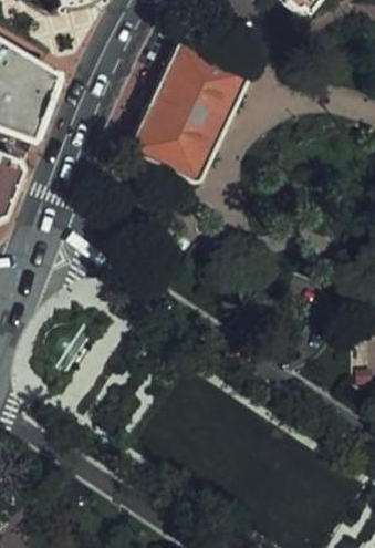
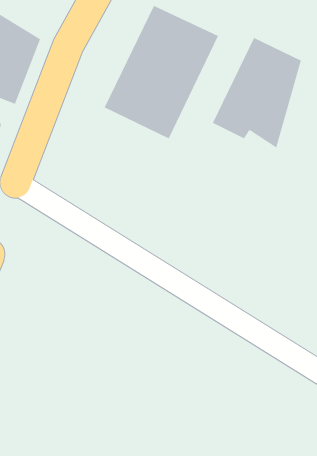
building: none -> [212,37,302,148]

